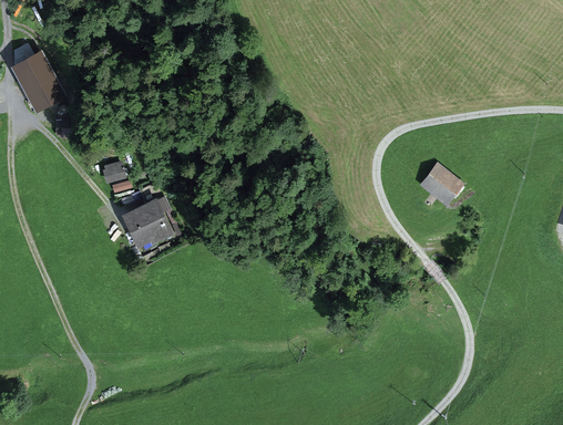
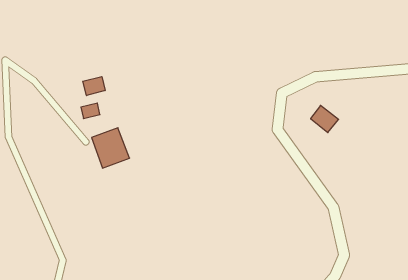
building: [11,54,63,114] -> none
building: none -> [83,77,105,96]

